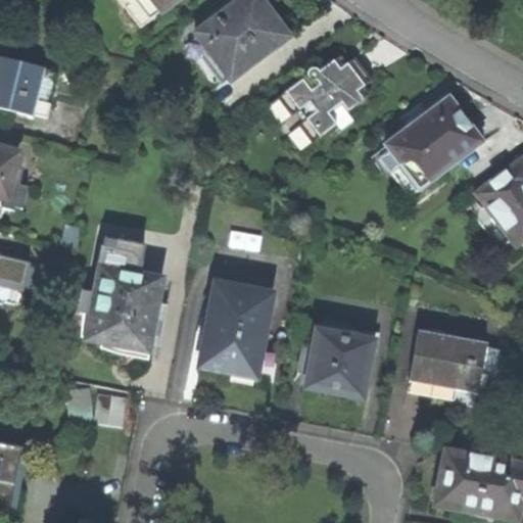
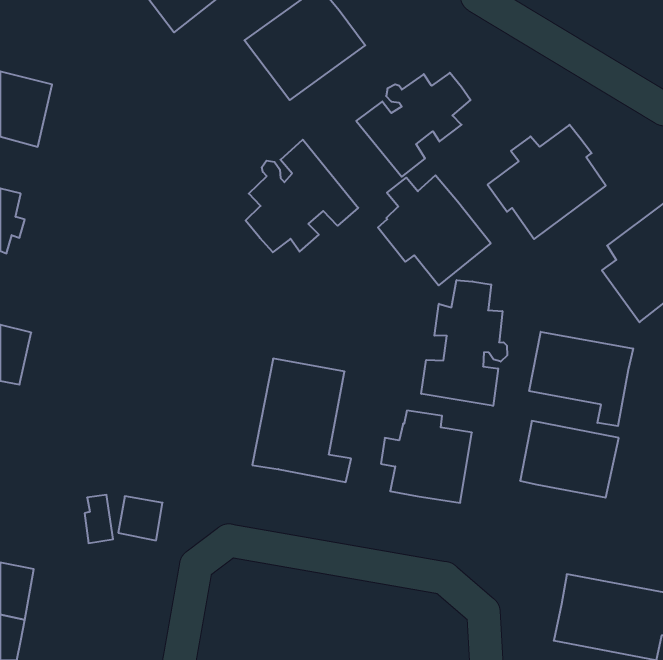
building: none -> [246,140,358,252]
building: none -> [378,175,491,285]
building: none -> [421,280,507,406]
building: [86,238,161,356] -> none
building: none -> [529,332,633,426]

